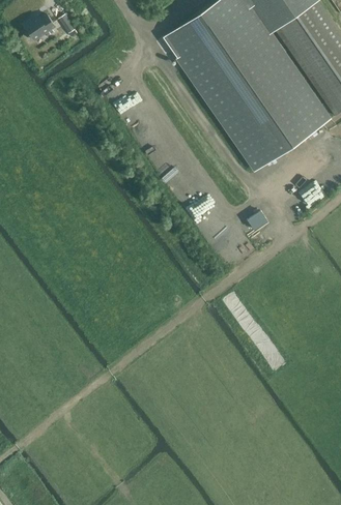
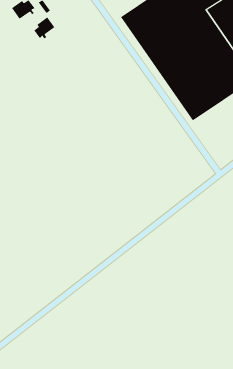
building: none -> [34,17,55,40]

